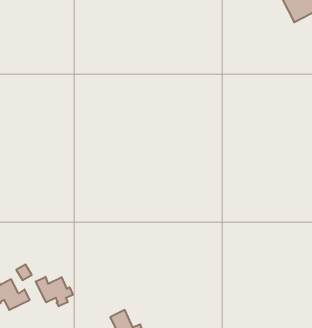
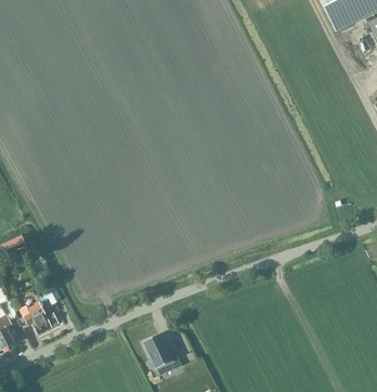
building: [36,277,73,306] -> none

